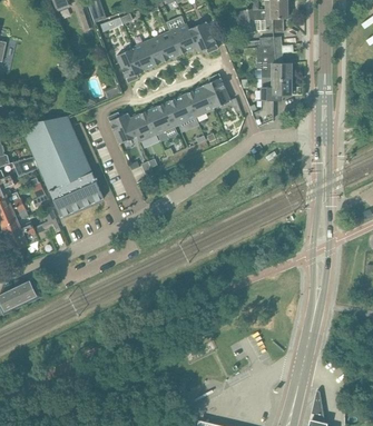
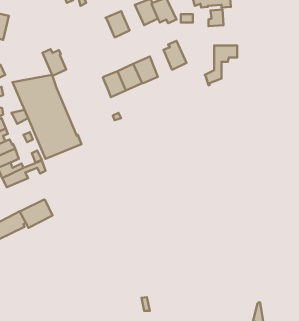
building: [151,31,179,62] -> none
building: [117,48,145,82] -> none
building: [257,56,292,80] -> none
building: [186,86,214,118] -> none
building: [108,112,137,145] -> [42,49,66,76]
building: none -> [20,199,52,228]

